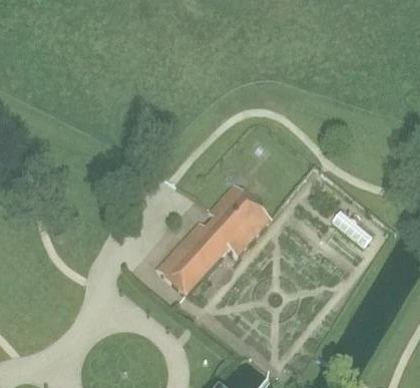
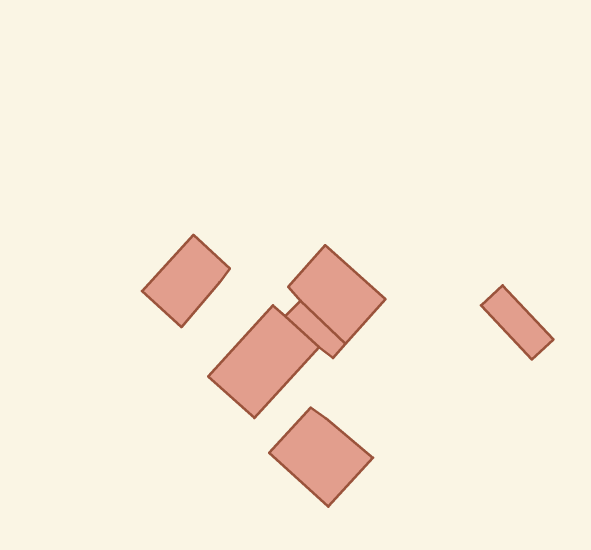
building: none -> [142,235,230,327]
building: none -> [269,408,373,507]

